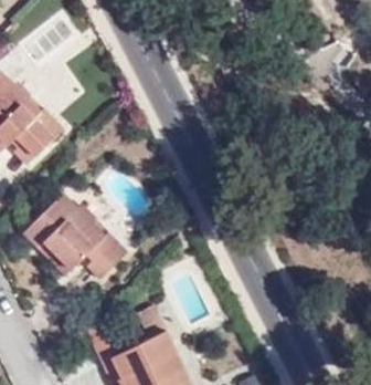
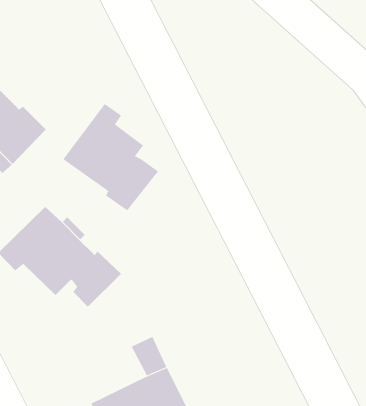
building: none -> [63,103,159,211]

